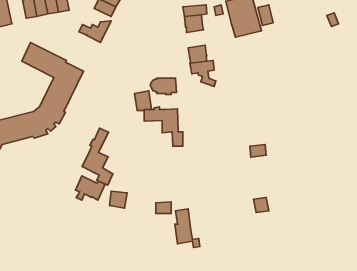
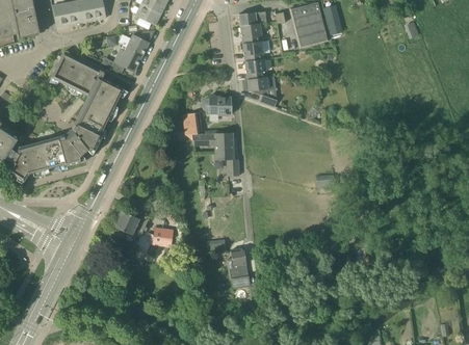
building: none -> [242,41,270,61]
building: none -> [113,47,142,72]
building: [82,128,113,185] -> none

